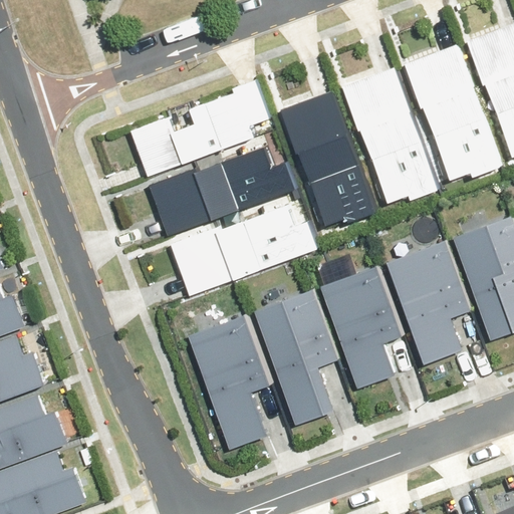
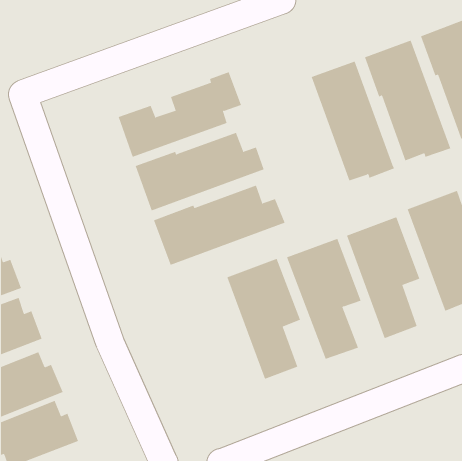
building: [281,92,376,226] -> none
building: [184,309,266,444] -> none

